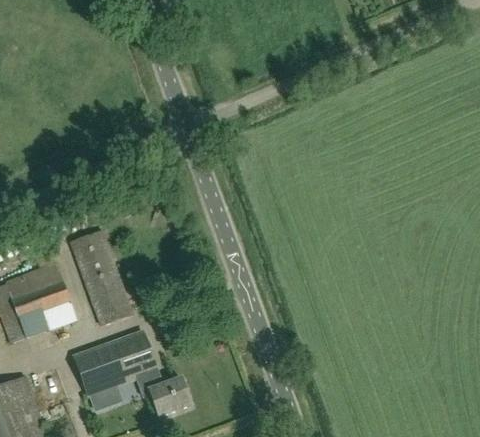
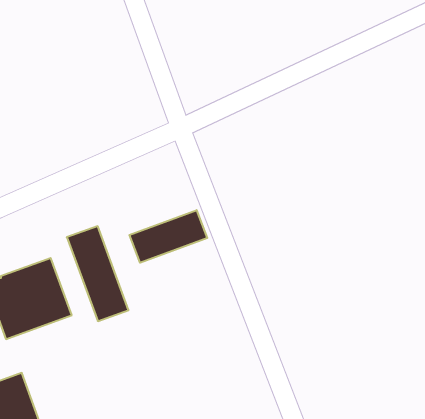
building: none -> [129,210,207,263]
building: [73,331,189,415] -> none

